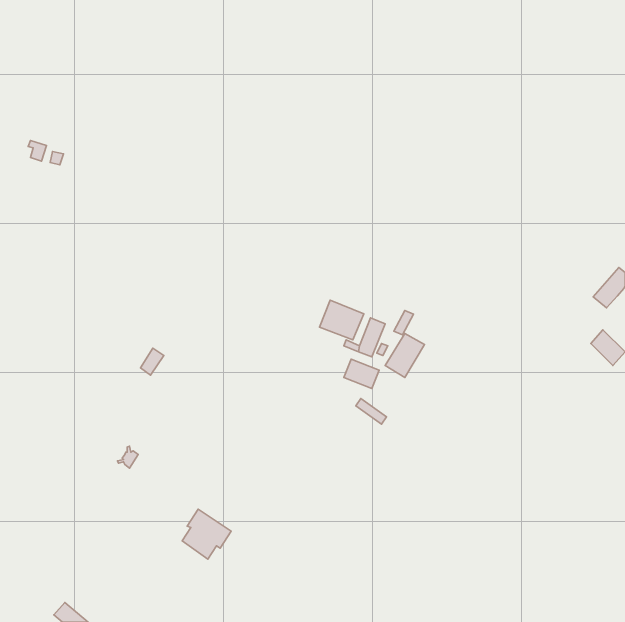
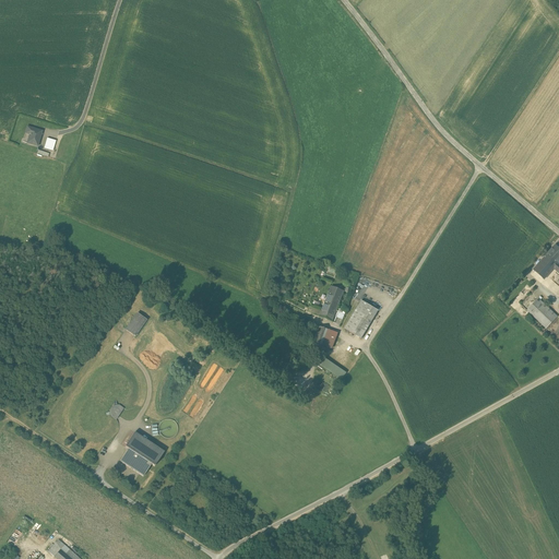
building: [320,300,364,340] -> none
building: [182,509,231,559] -> [120,430,164,475]

